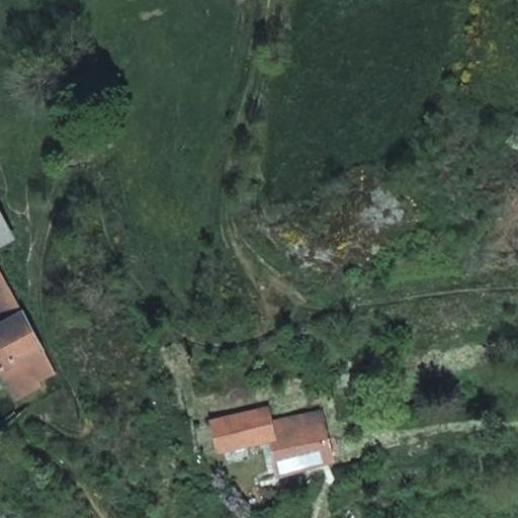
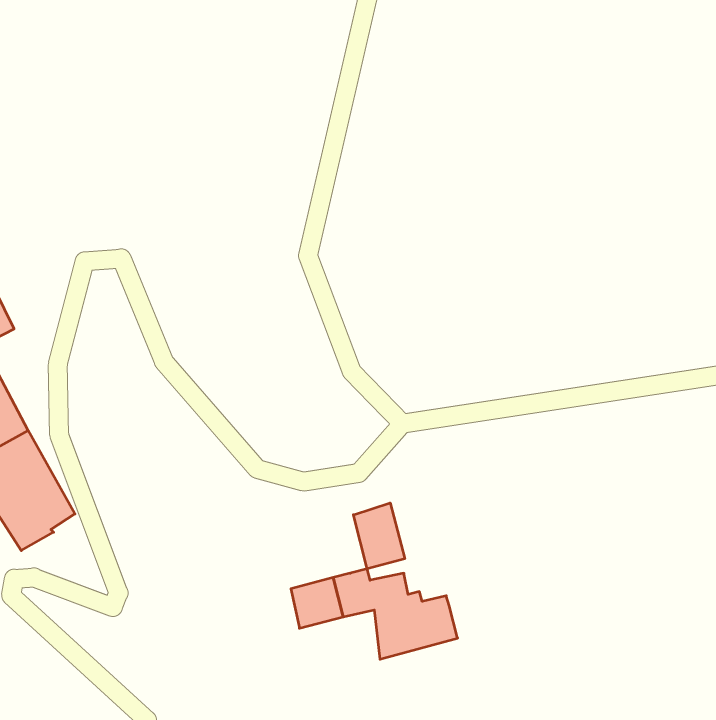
building: none -> [353,503,405,569]

